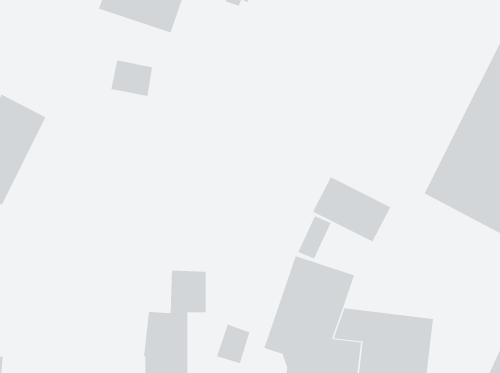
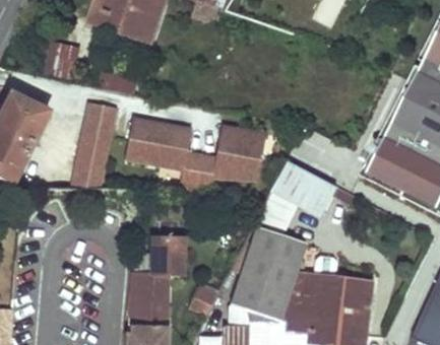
building: none -> [47,42,78,77]
building: none -> [71,101,118,188]
building: none -> [124,117,266,193]

